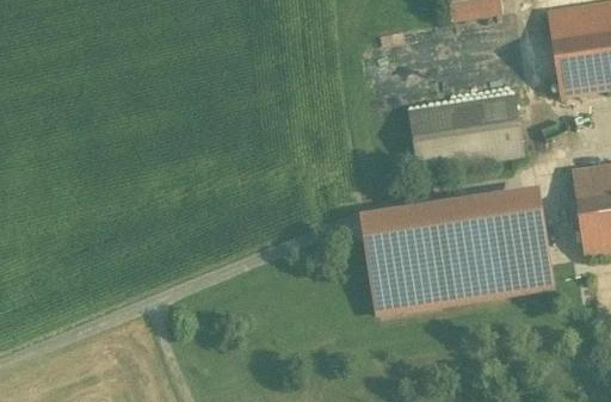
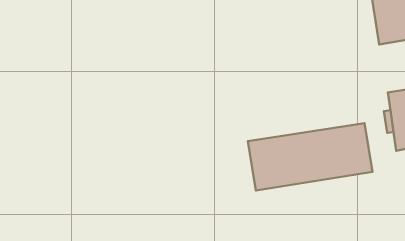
building: [409,92,524,167] -> none
building: [364,187,539,236] -> none

